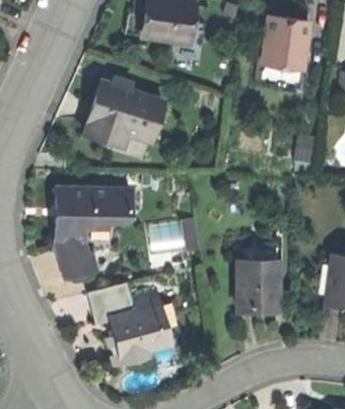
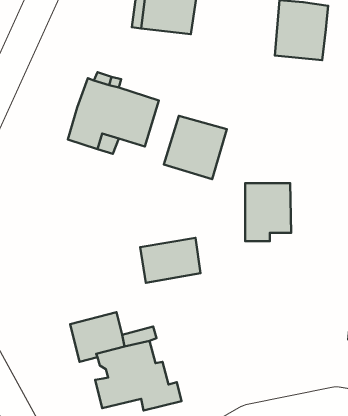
building: none -> [164,116,227,179]
building: [56,189,131,279] -> none
building: [238,262,278,312] -> [245,183,291,241]

